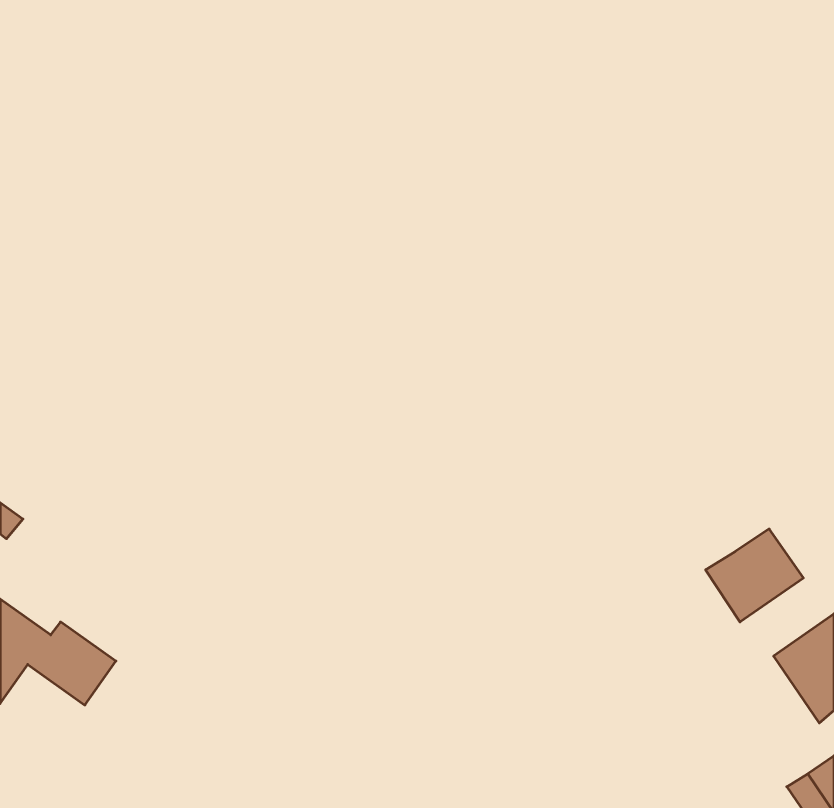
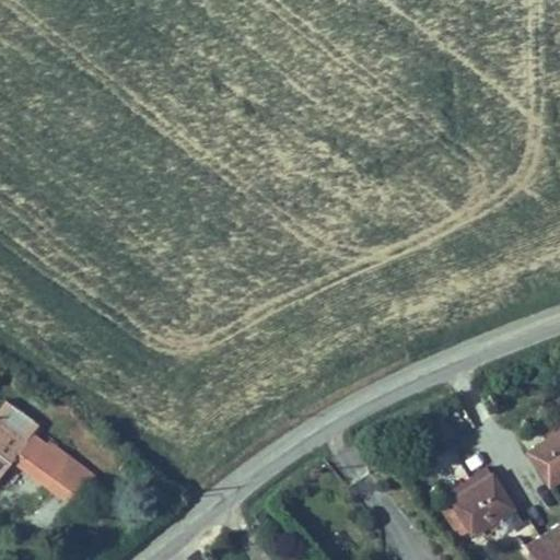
building: [706,529,803,622] -> [452,472,517,535]

